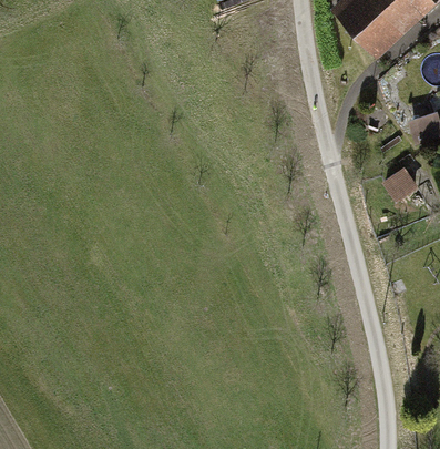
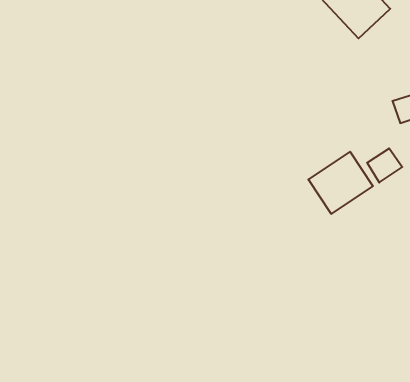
building: none -> [308,152,373,214]

